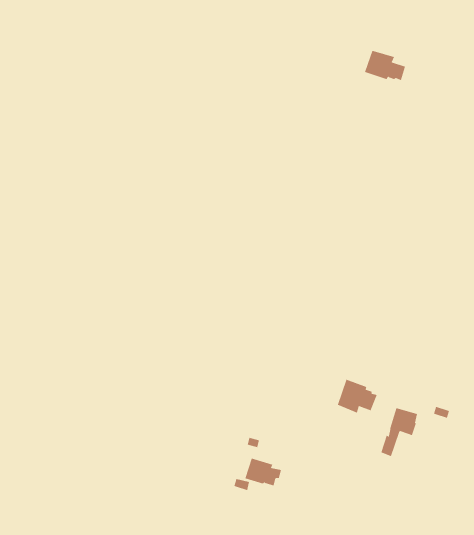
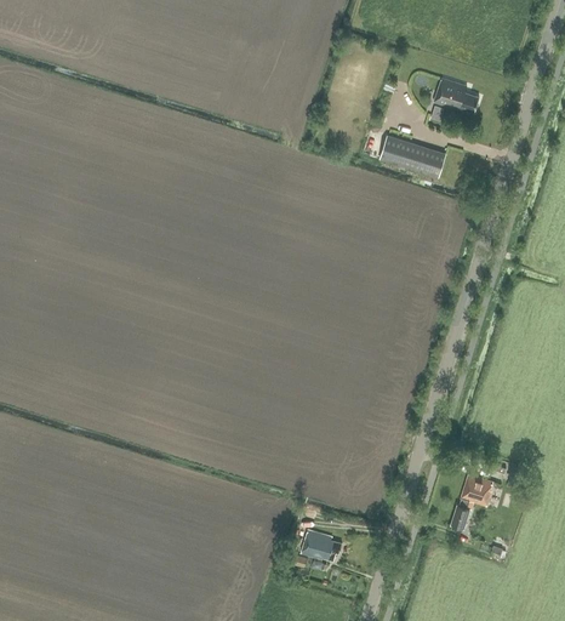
building: none -> [379,137,445,177]
building: [337,379,377,414] -> none

